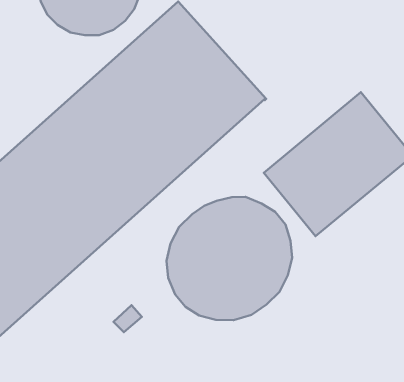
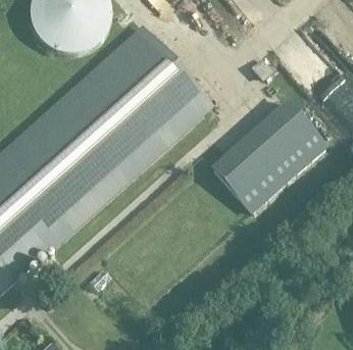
building: [167,197,292,320] -> none

